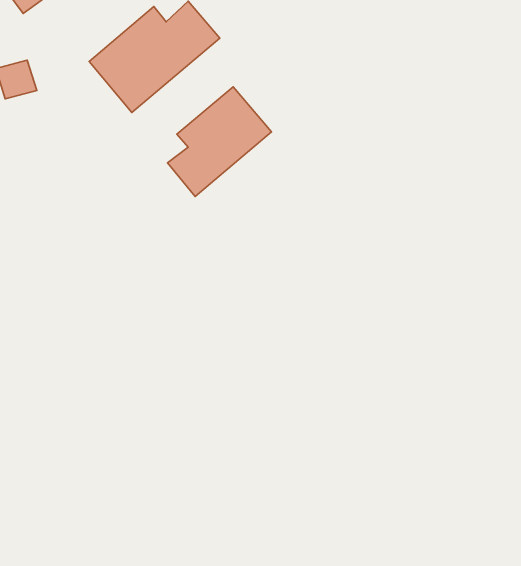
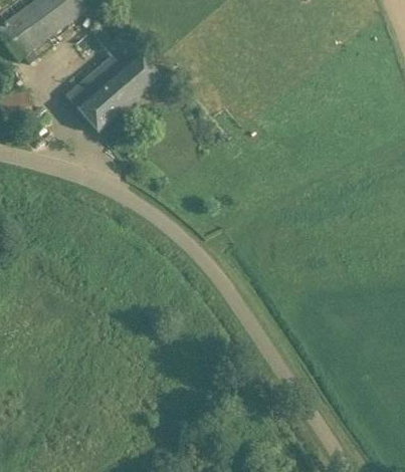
building: [167,87,271,196] -> none

